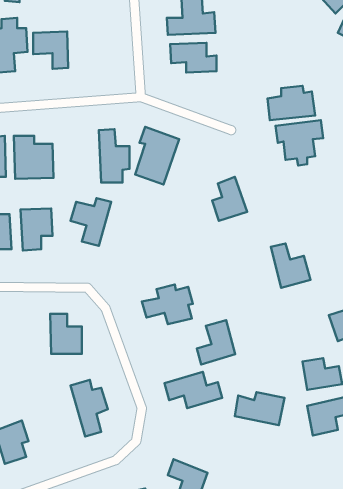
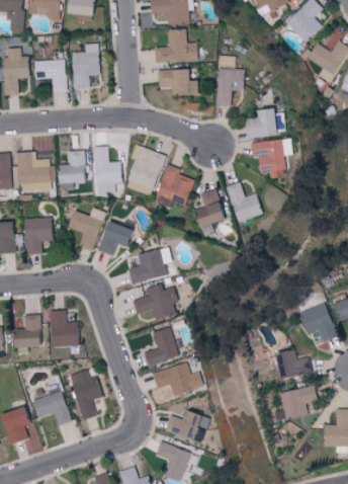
building: none -> [71,43,99,88]
building: none -> [215,67,243,105]
building: none -> [59,150,85,182]
building: none -> [155,164,193,205]
building: none -> [98,221,133,255]
building: [271,243,311,288] -> [227,182,262,222]
building: none -> [127,249,166,284]
building: none -> [14,314,40,353]
building: [197,320,235,365] -> [144,327,178,367]
building: [235,392,285,425] -> [165,411,209,440]
building: none -> [31,383,71,425]

